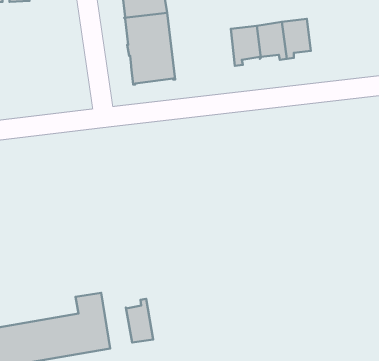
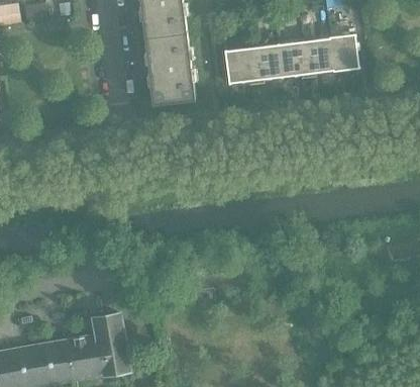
building: none -> [327,33,357,70]
building: none -> [223,46,254,85]
building: [126,299,153,342] -> none

